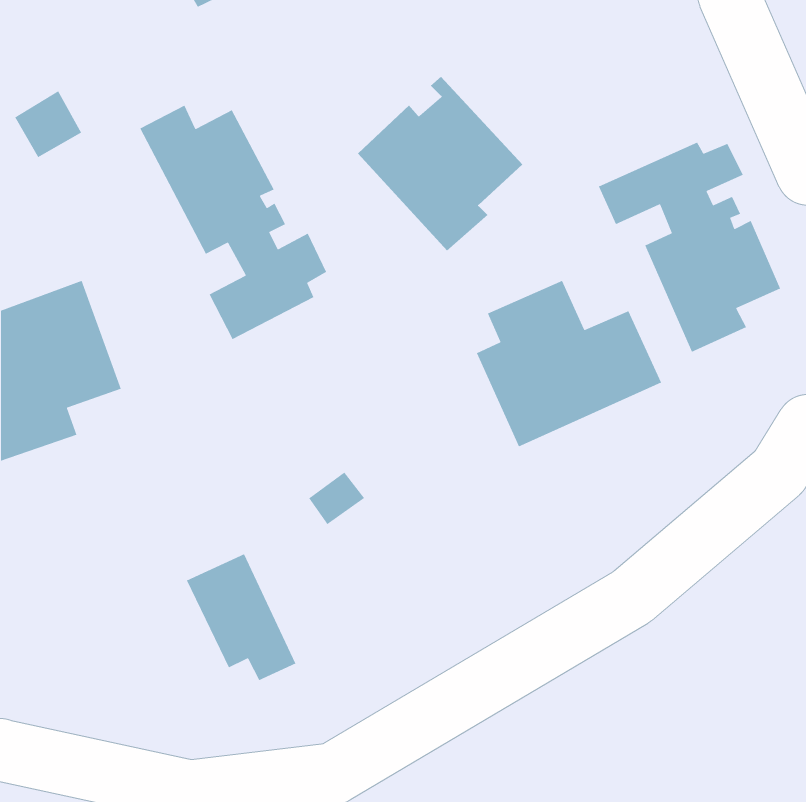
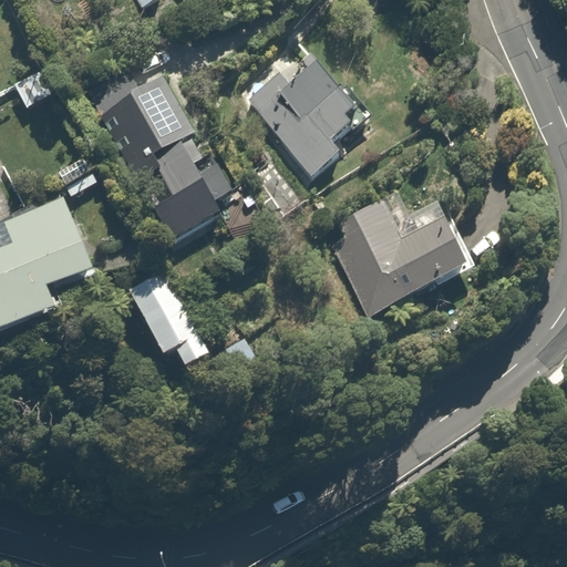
building: [598,141,781,353] -> none
building: [186,553,297,681] -> [130,274,207,363]

